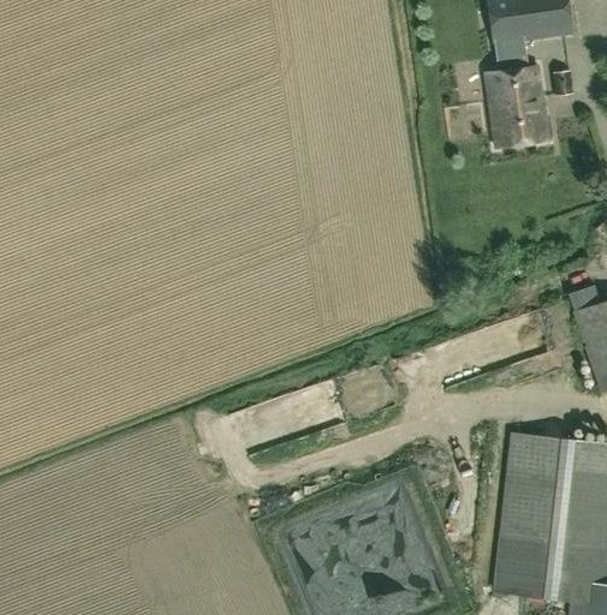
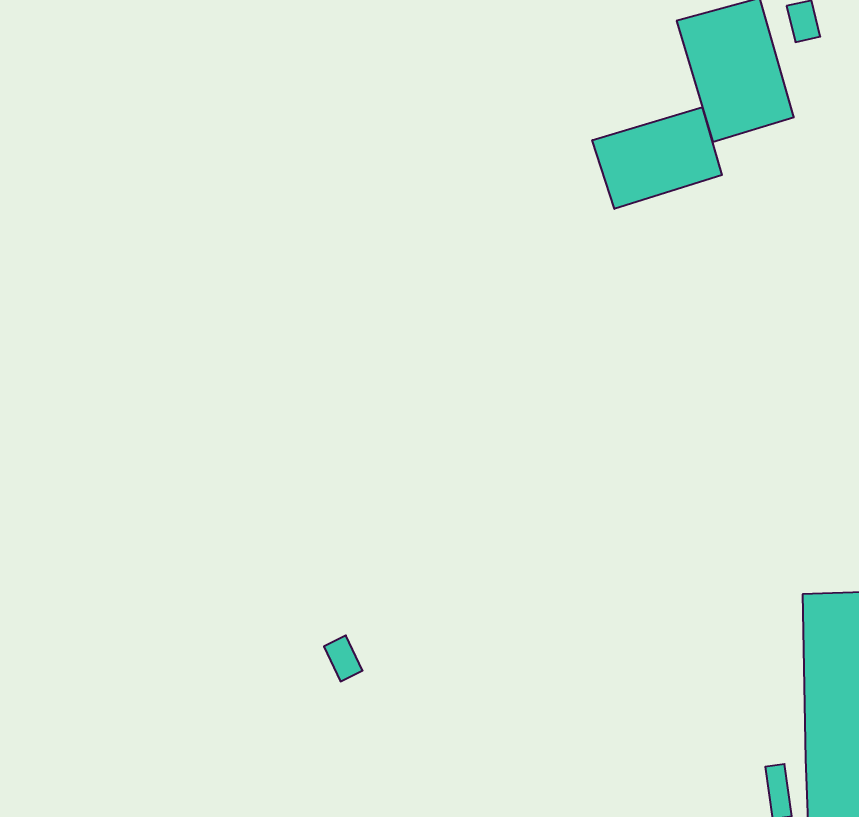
building: none -> [592,107,722,209]

